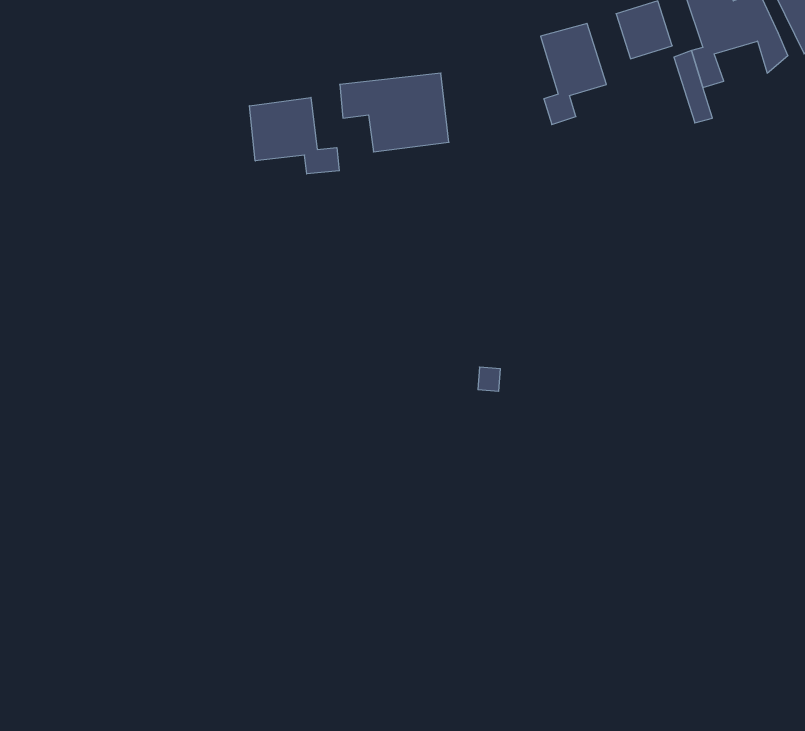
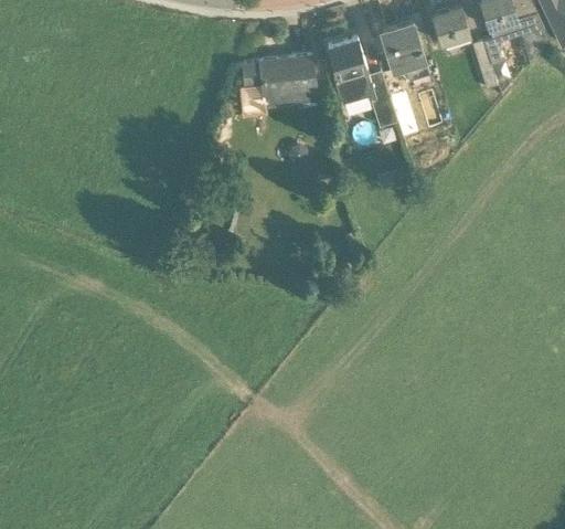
building: none -> [328,36,397,128]
building: [249,97,339,174] -> none

